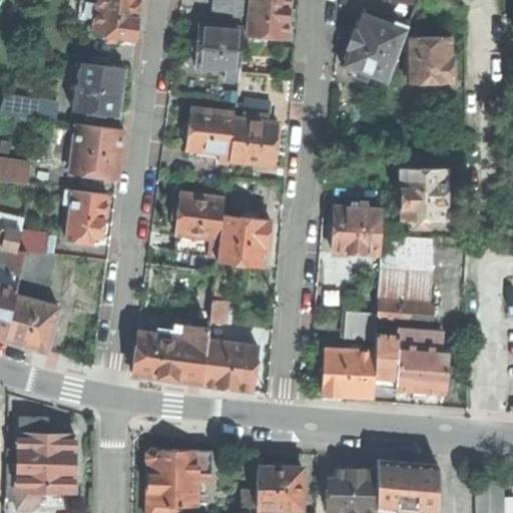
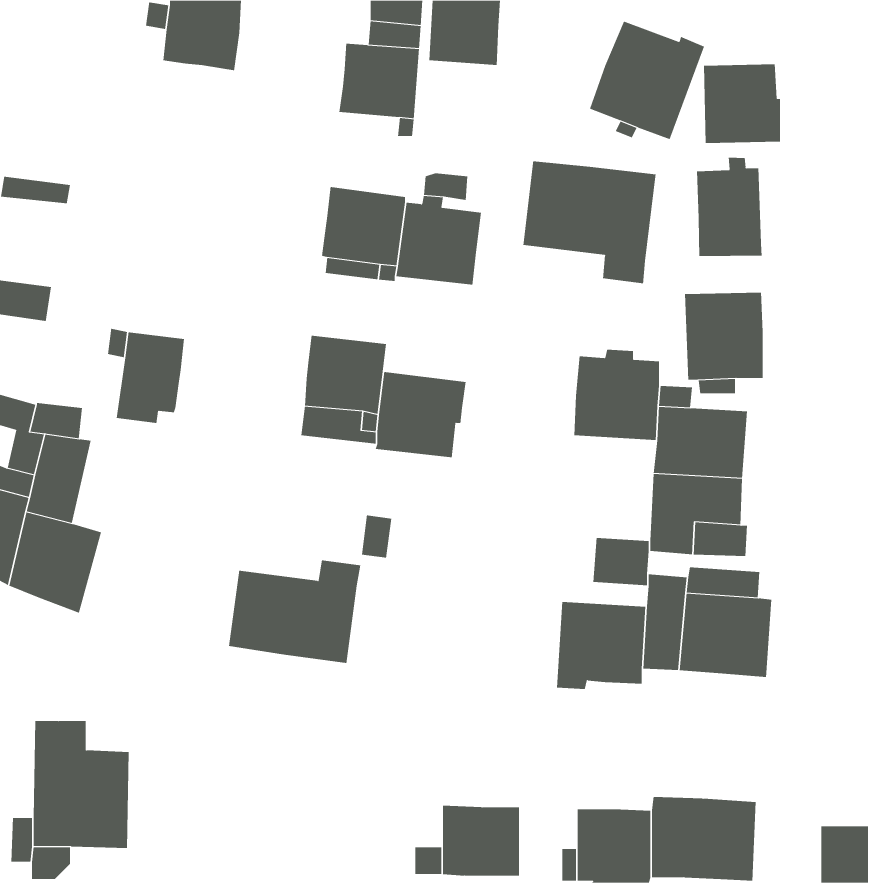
building: [74,64,125,116] -> none
building: none -> [697,157,762,257]
building: none -> [523,160,656,284]
building: [71,126,124,180] -> none
building: [201,340,258,391] -> none
building: [146,448,211,505] -> none

